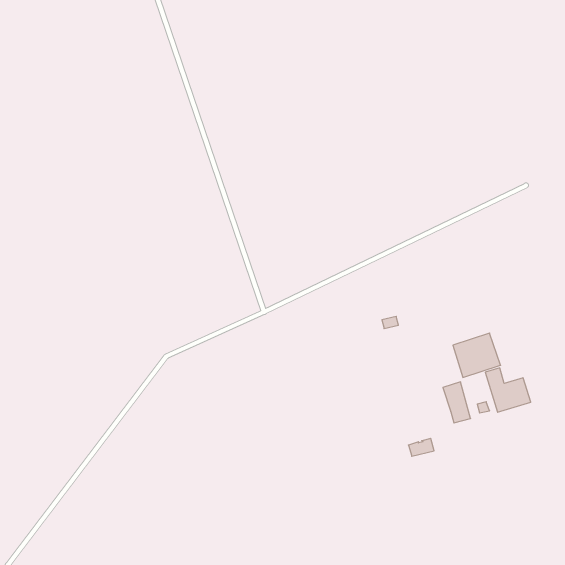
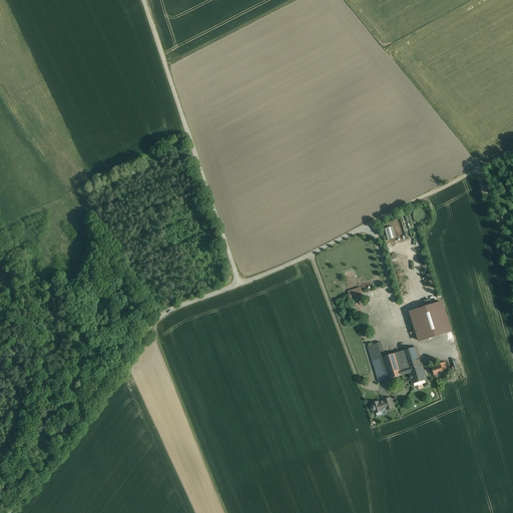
building: [485,368,531,412] -> [366,341,407,381]

